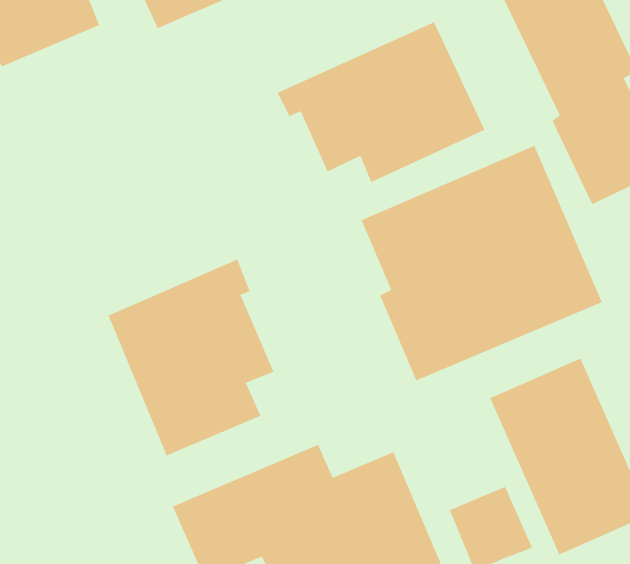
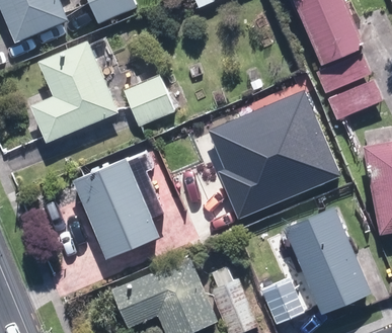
building: [277,21,485,183] -> none
building: none -> [29,41,116,144]
building: none -> [125,77,176,128]

